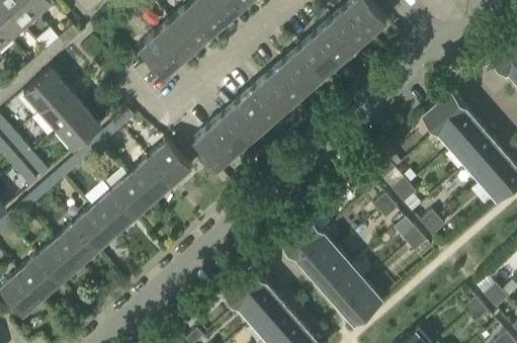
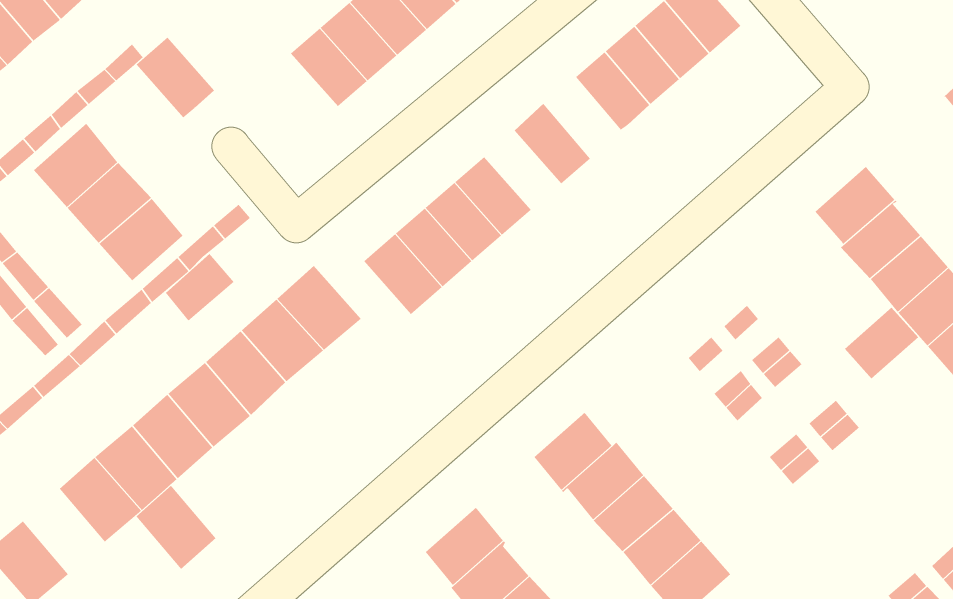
building: [140,34,180,76] -> [136,37,215,118]
building: [285,47,325,88] -> none
building: [255,74,294,114] -> none
building: none -> [165,253,235,322]
building: none -> [844,307,919,379]
building: [19,257,61,301] -> [135,485,217,570]

